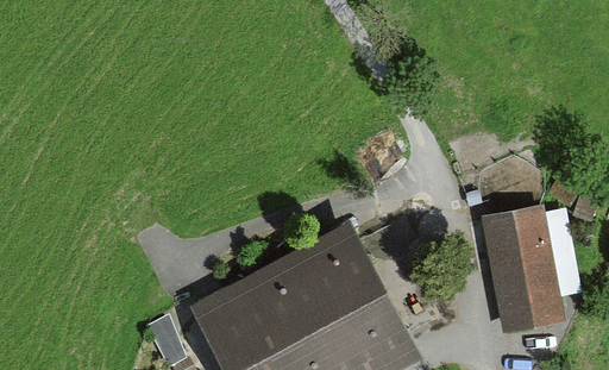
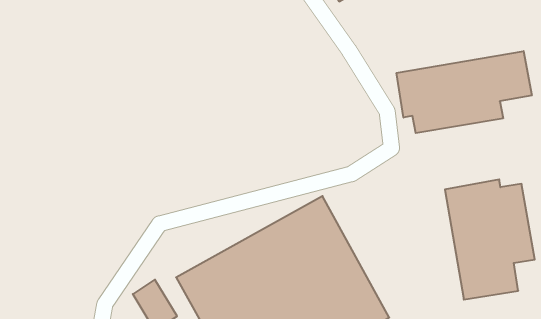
building: none -> [397,51,532,133]

